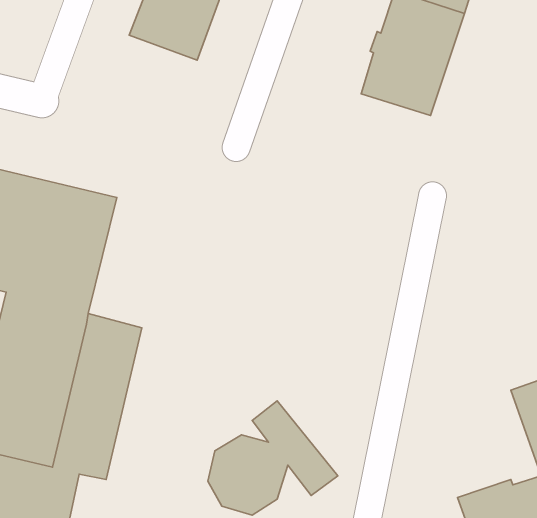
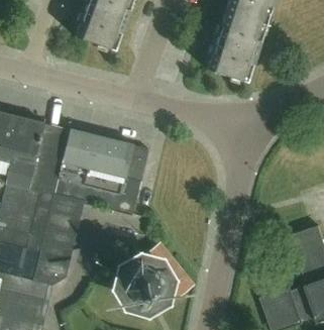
building: none -> [52,128,148,214]

